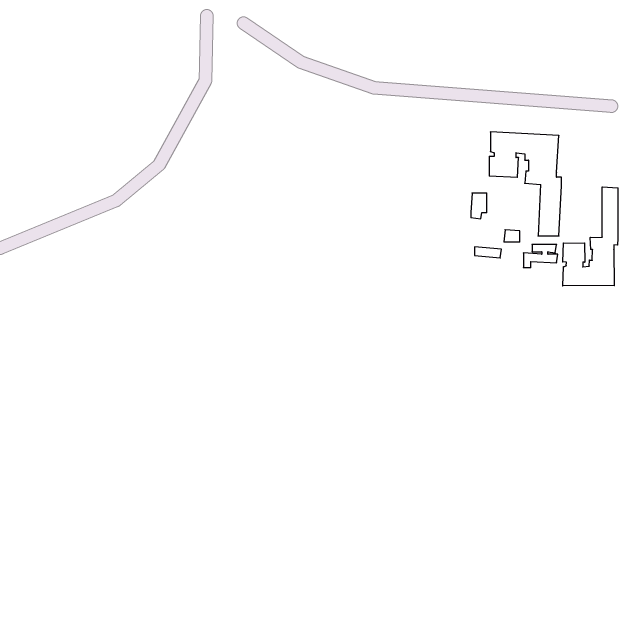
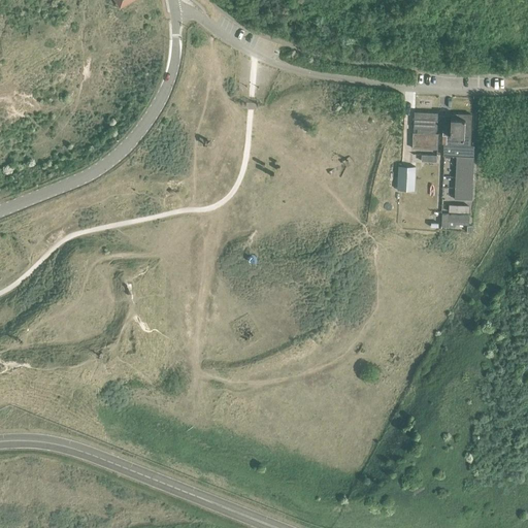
building: [563,187,618,286] -> none

